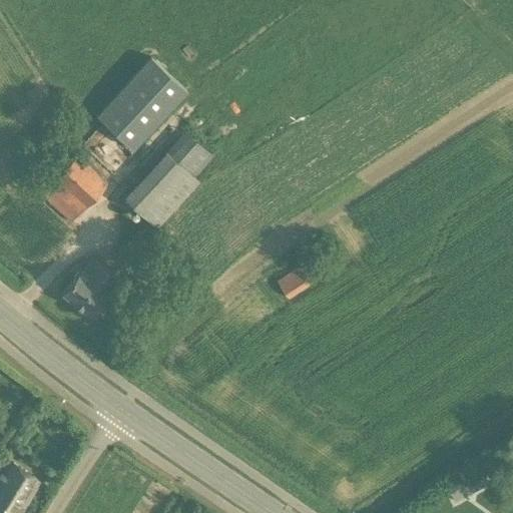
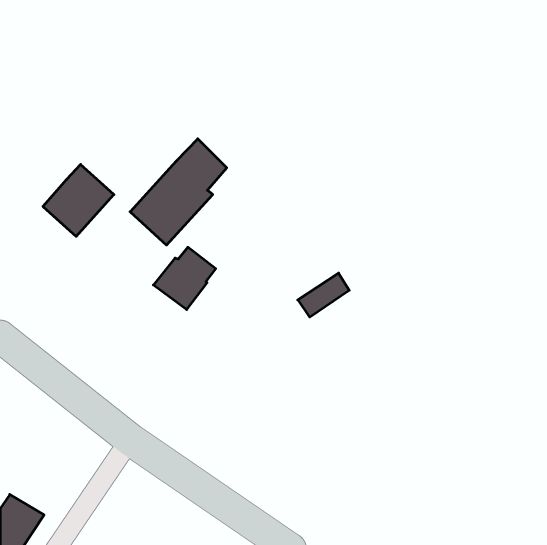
building: [97,61,184,151] -> none
building: [62,263,120,321] -> [153,247,216,310]

